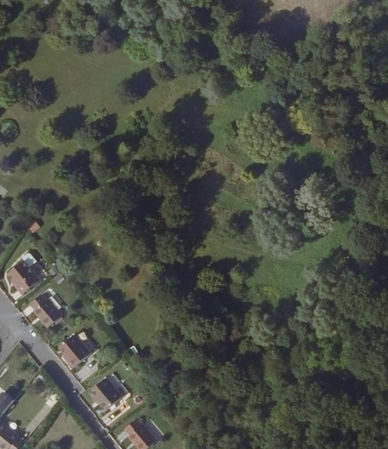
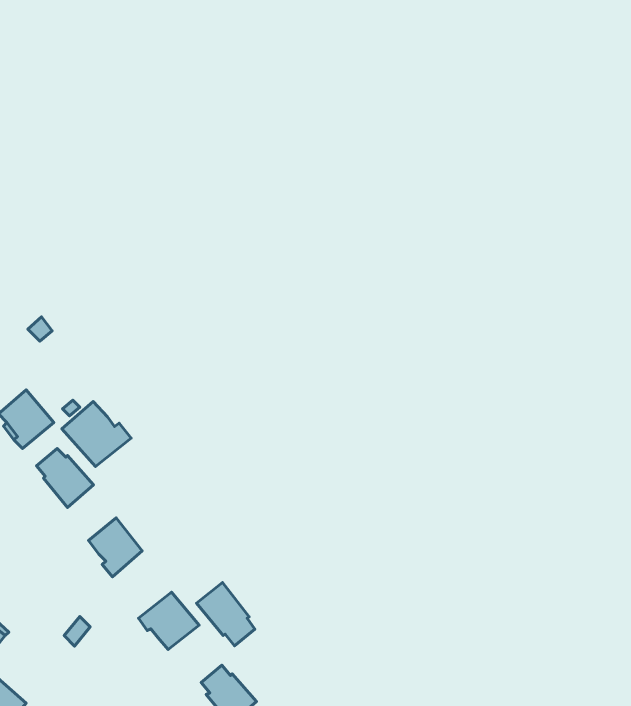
building: none -> [62,402,131,466]
building: none -> [196,582,255,646]

